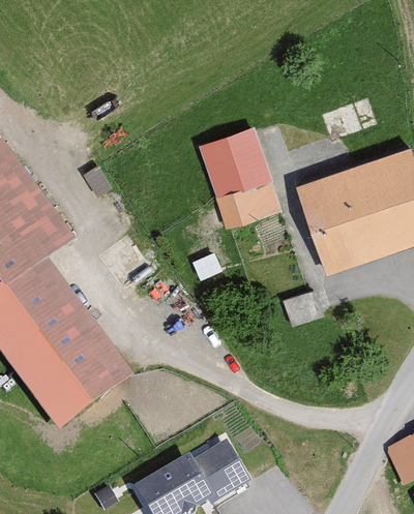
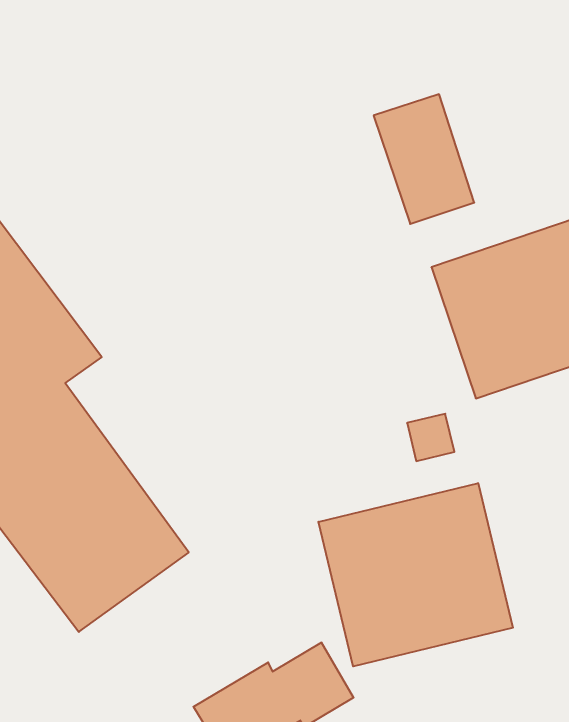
building: [204,134,272,222] -> [374,94,474,224]
building: none -> [318,483,513,666]

